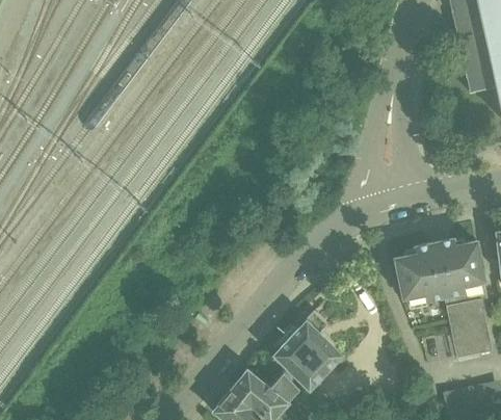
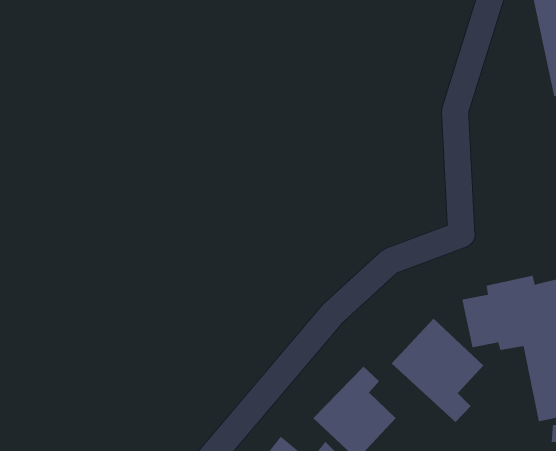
building: none -> [391,318,484,423]

